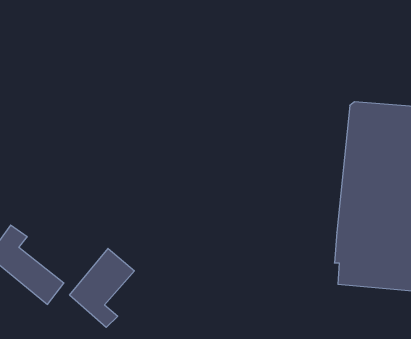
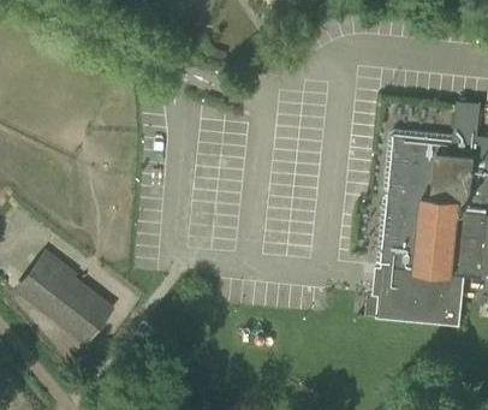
building: [70,248,134,327] -> none

